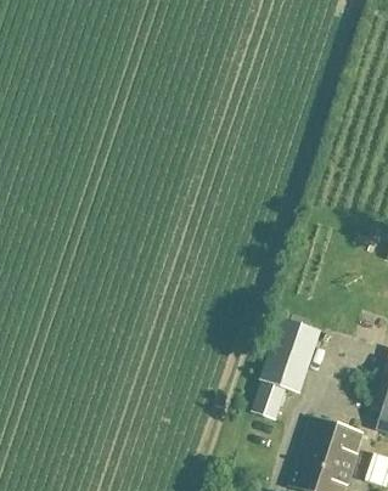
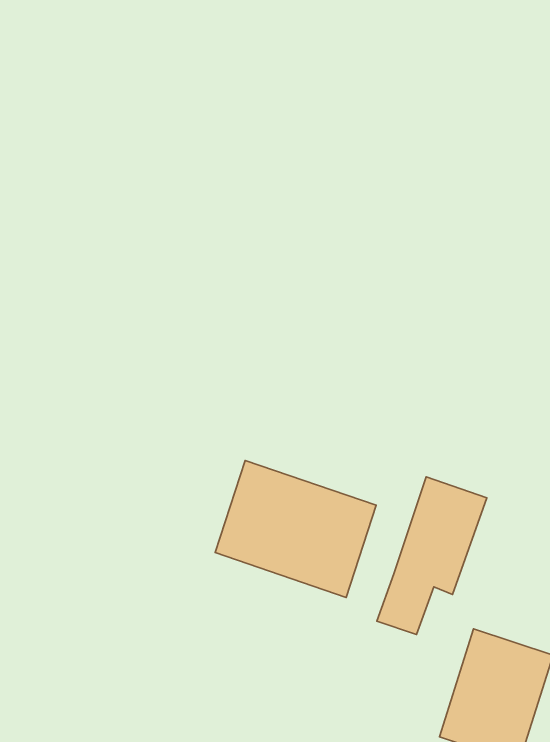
building: none -> [215,460,376,597]

